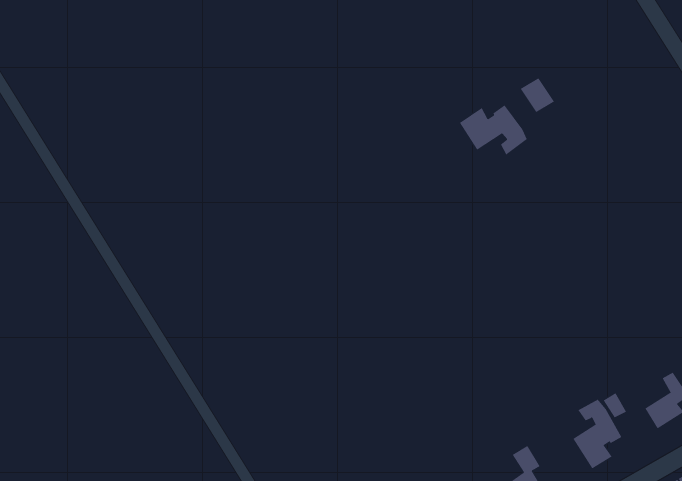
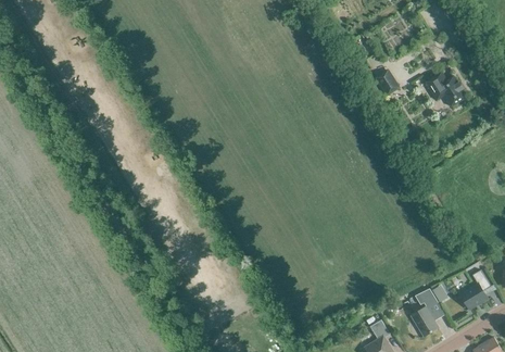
building: none -> [426,72,467,106]
building: [459,105,528,155] -> none

